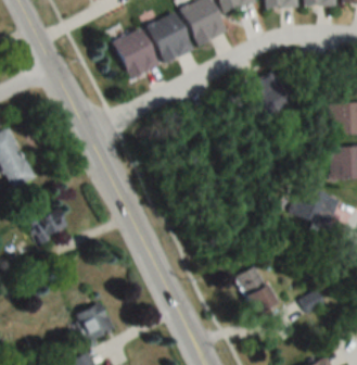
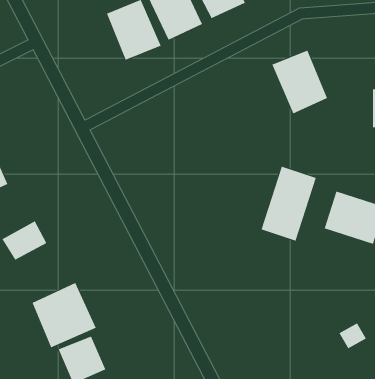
building: none -> [261,166,317,241]
building: none -> [32,282,97,348]
building: [235,264,275,312] -> none

